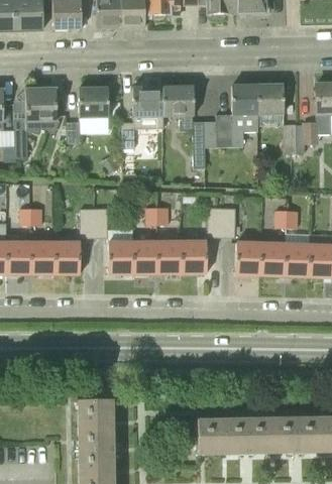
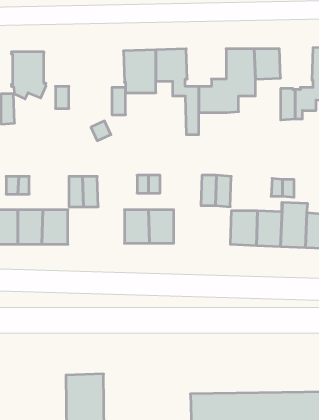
building: [80,87,109,117] -> none
building: [109,240,134,272] -> none
building: [182,240,207,272] -> none

